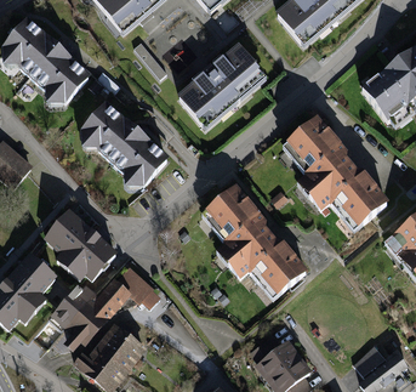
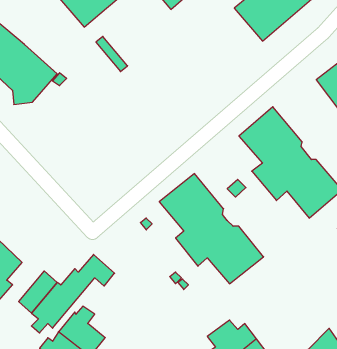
building: [178,44,267,129] -> none
building: [82,106,173,194] -> none
building: [46,209,118,279] -> none

